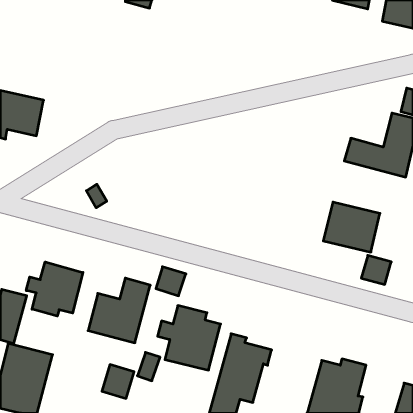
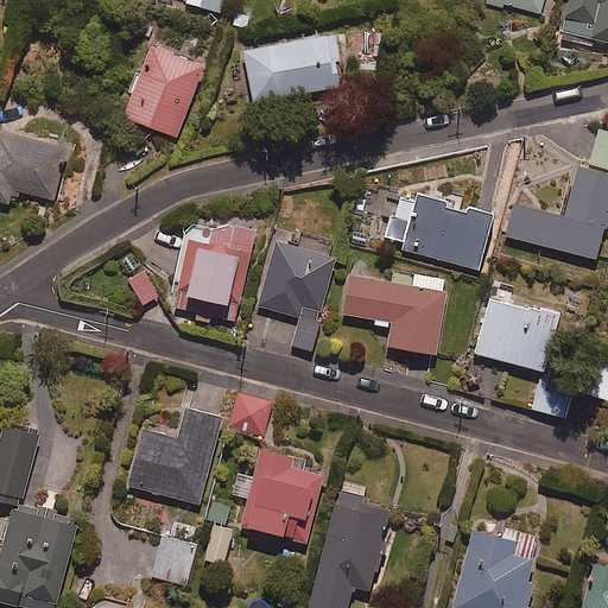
building: none -> [241,33,344,104]
building: none -> [121,44,203,137]
building: none -> [400,194,492,268]
building: none -> [170,223,254,323]
building: none -> [256,242,335,352]
building: none -> [342,274,448,355]
building: [26,262,83,316] -> none

